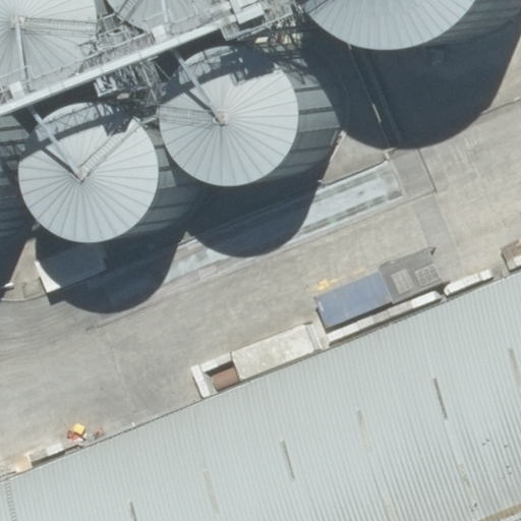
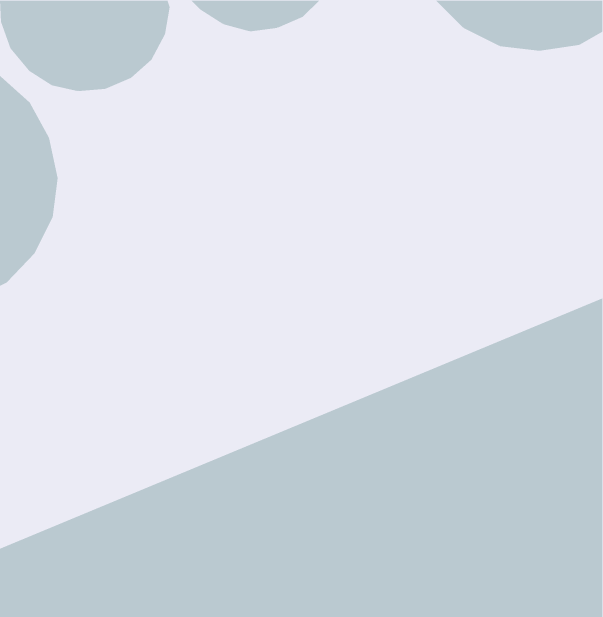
building: [197,48,340,190] -> none
building: [61,105,204,247] -> none

